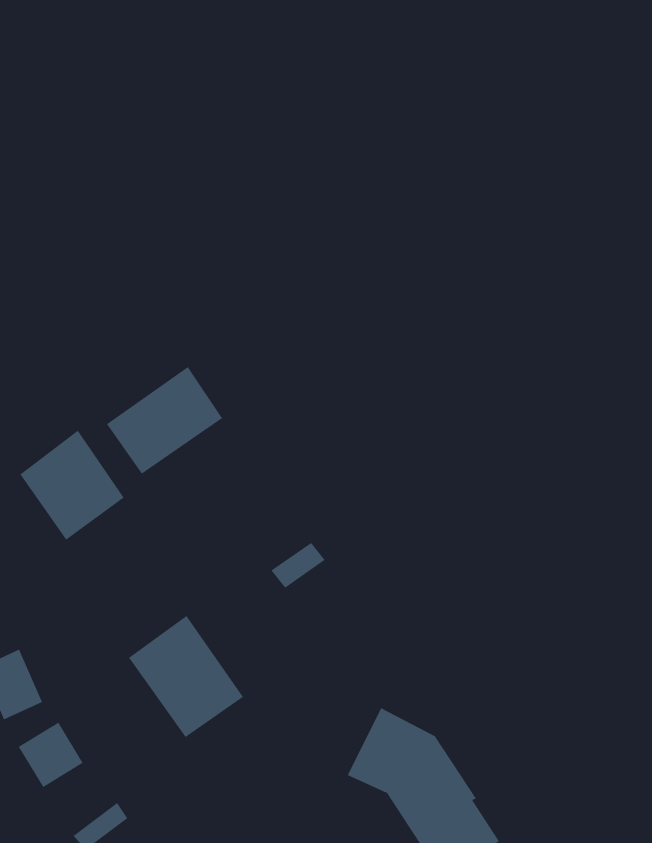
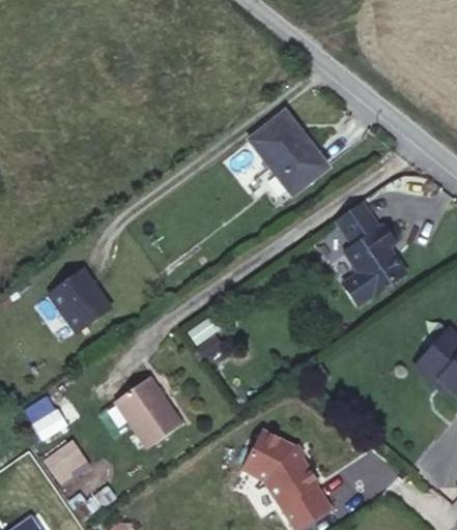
building: none -> [248,112,325,193]
building: none -> [335,201,405,294]
building: [106,366,223,475] -> none

